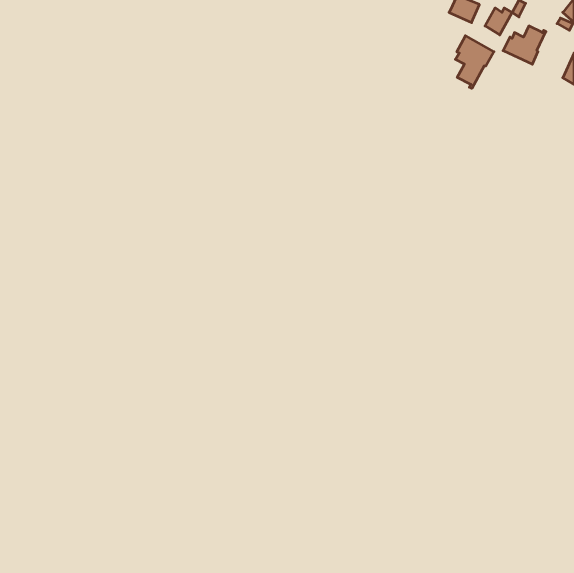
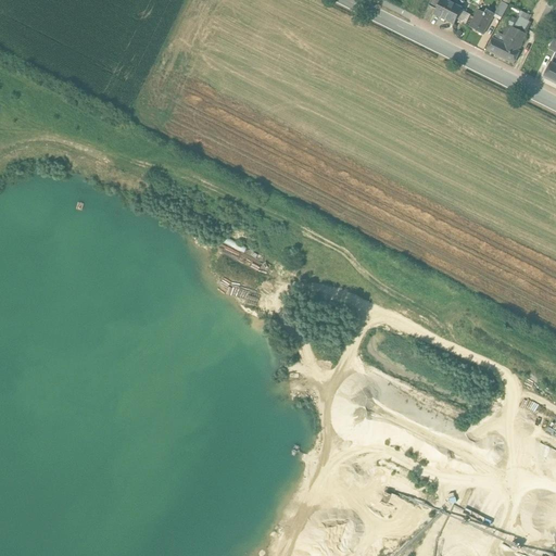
building: [455,36,494,88] -> none

